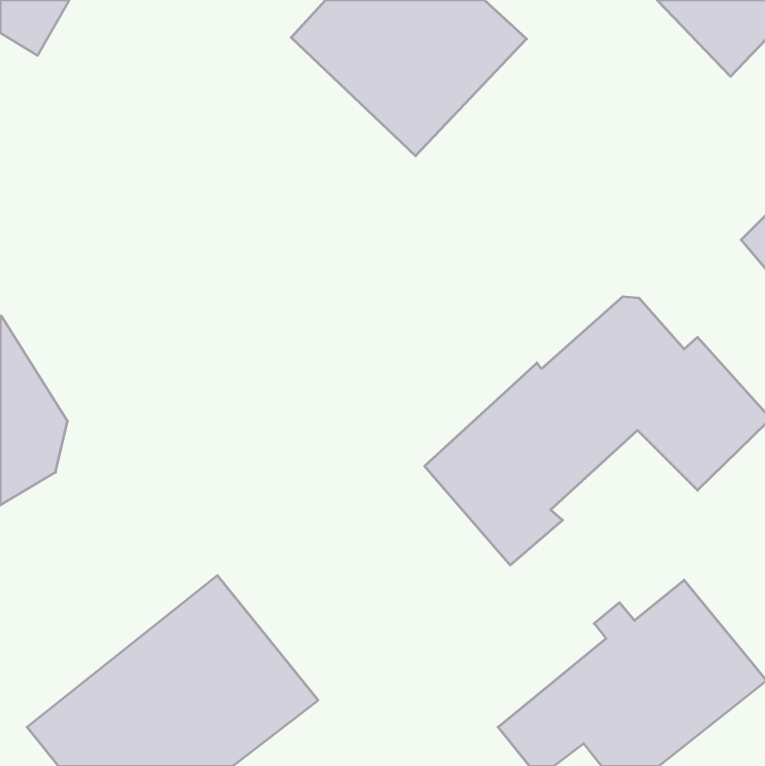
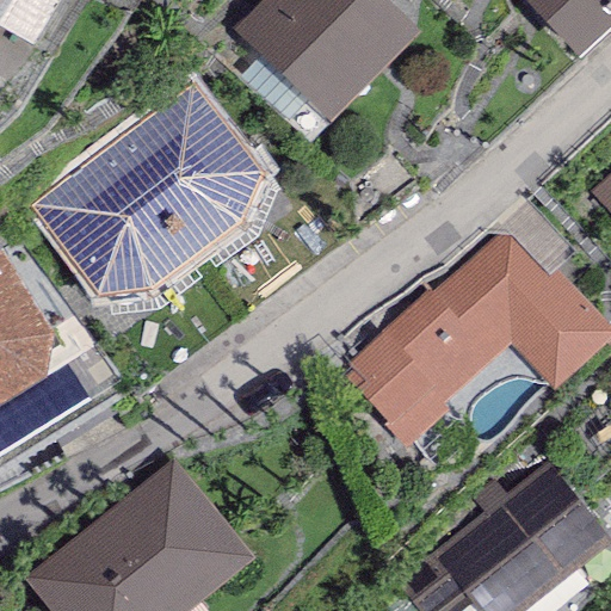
building: none -> [29,81,264,296]

